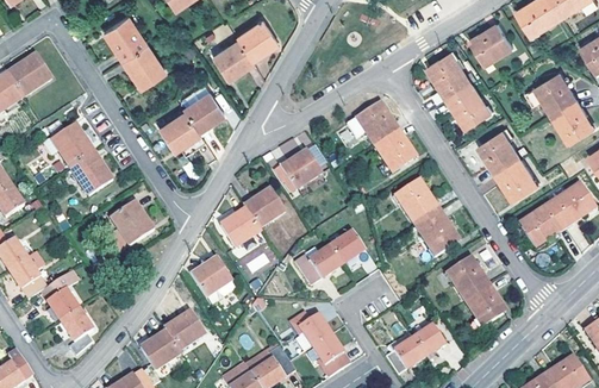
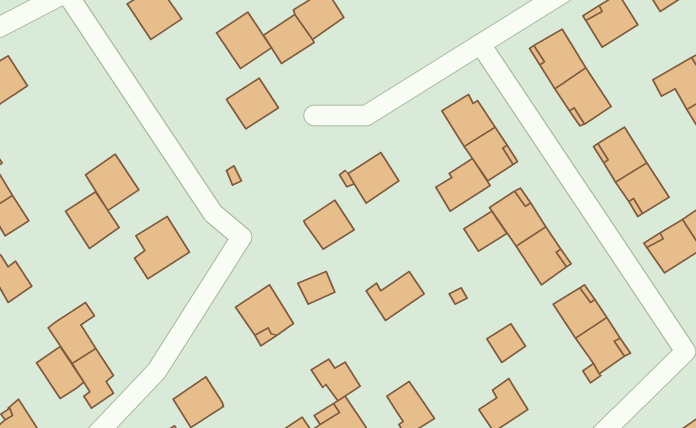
building: [121,44,166,89] -> [217,12,272,69]
building: [7,55,51,98] -> none
building: [158,111,199,151] -> none
building: [50,124,93,169] -> [66,192,119,248]
building: none -> [436,159,490,211]
building: [219,208,261,249] -> none
building: [329,232,363,264] -> [464,211,507,251]
building: [7,258,45,300] -> [36,347,84,399]
building: [163,312,204,351] -> none
building: [289,313,329,346] -> [311,359,360,401]
building: [412,326,443,357] -> [487,324,526,363]

